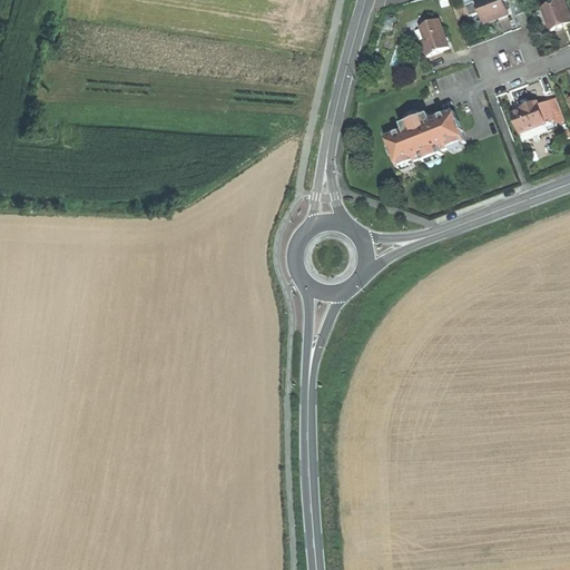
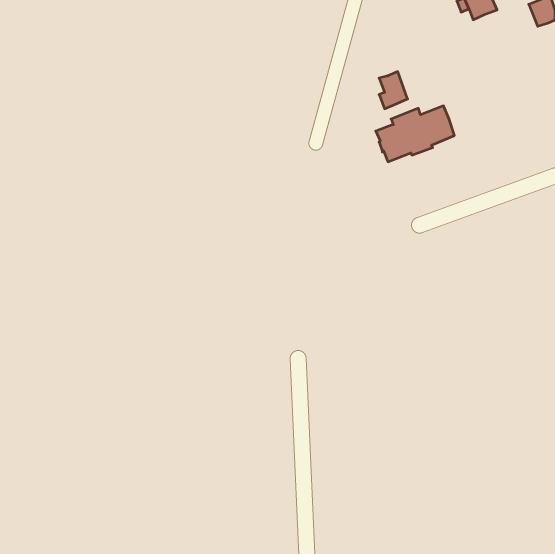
building: [417,16,446,53] -> [379,72,408,109]
building: [510,98,556,138] -> none

